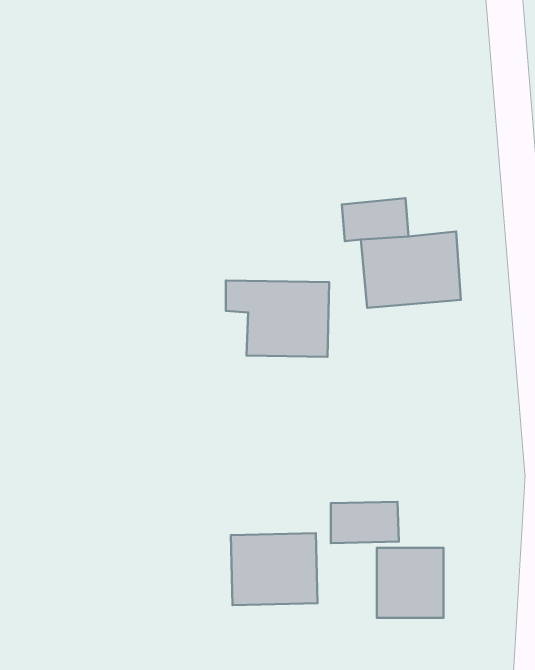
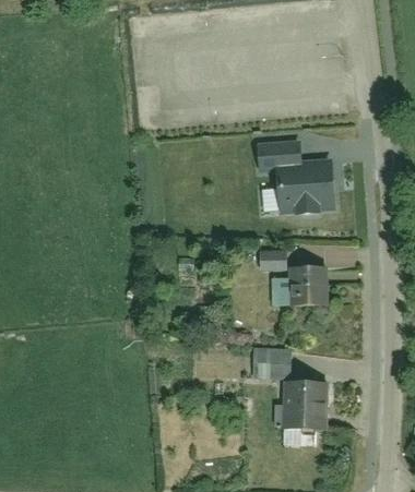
building: [226,281,329,357] -> [260,257,331,310]
building: [231,533,317,605] -> none

